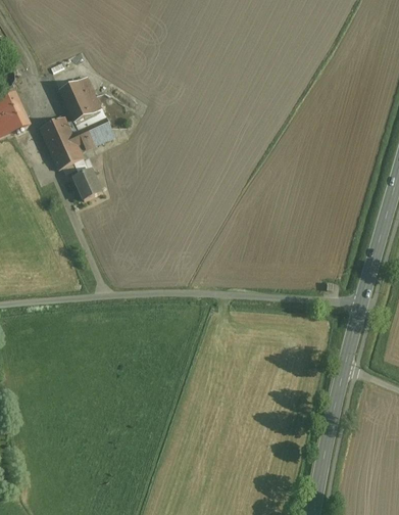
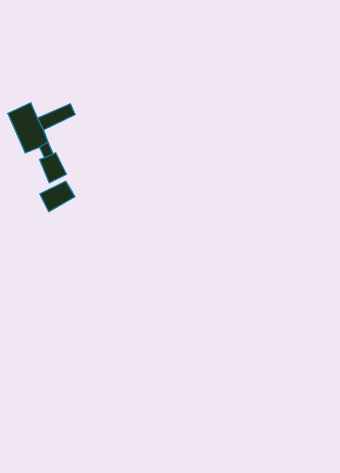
building: [59,76,101,121] -> none
building: none -> [40,181,75,212]

